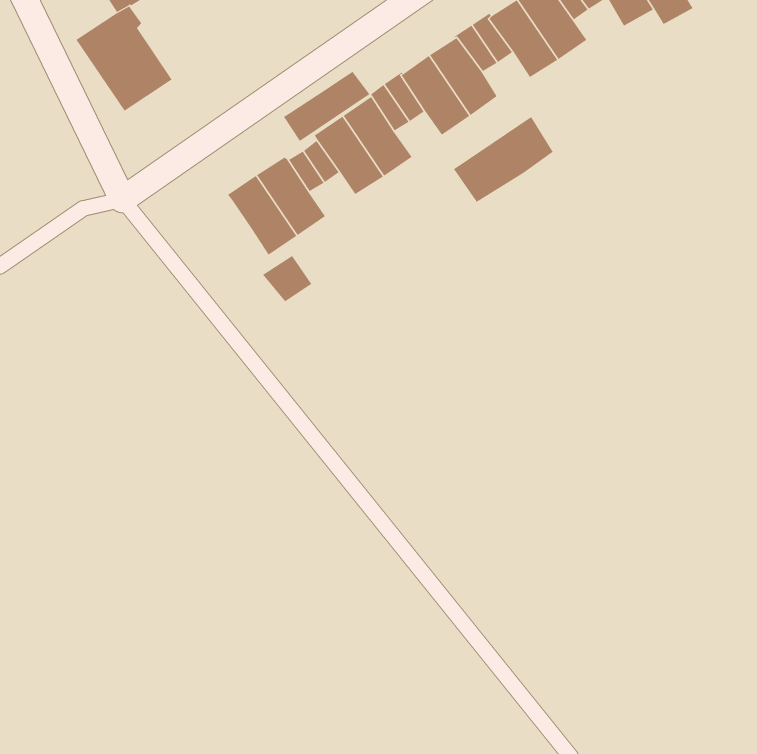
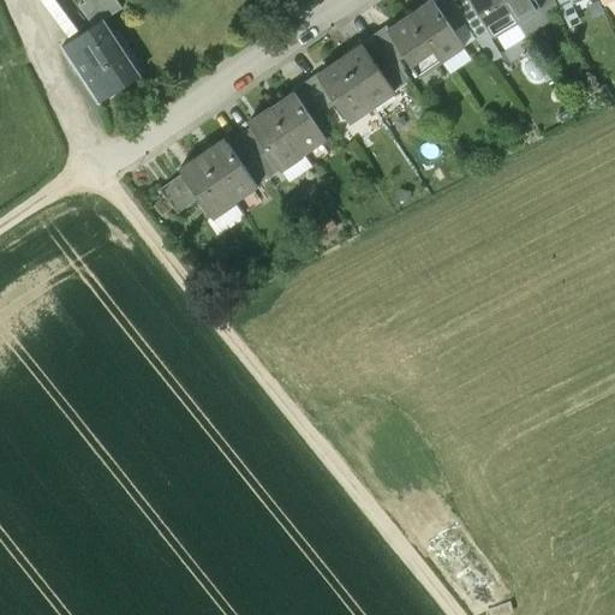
building: [283,71,370,142] -> none
building: [453,116,554,203] -> none
building: [262,255,312,302] -> [160,174,199,211]

